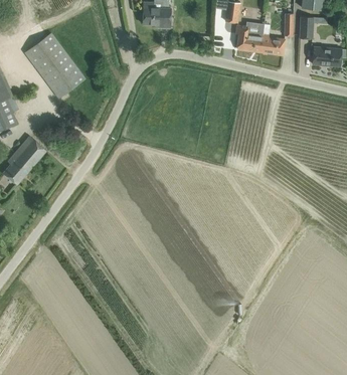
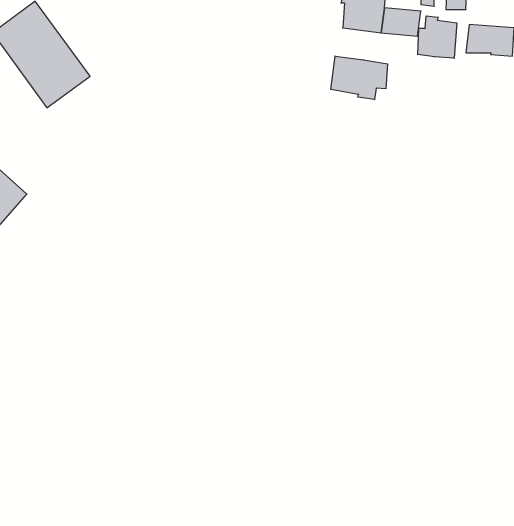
building: none -> [418,16,457,58]
building: none -> [331,56,388,100]

